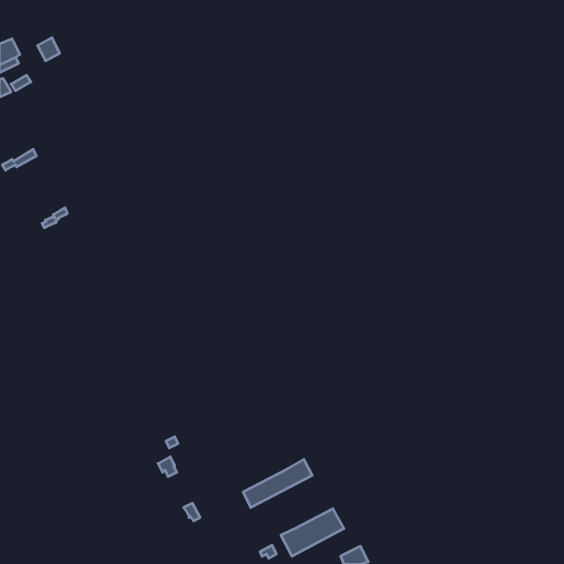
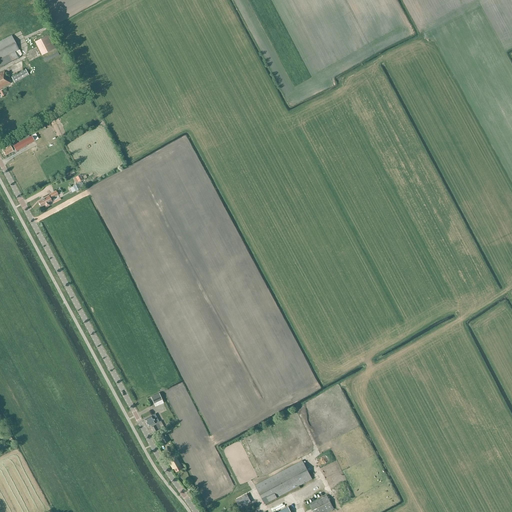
building: [243,459,312,508] -> none

